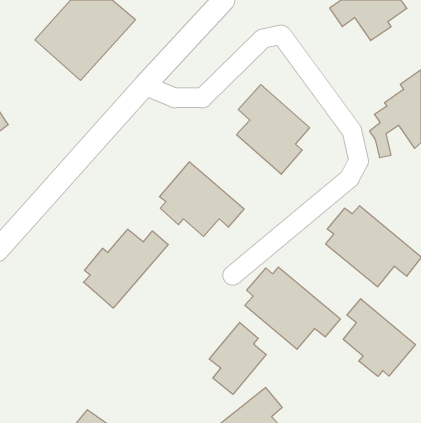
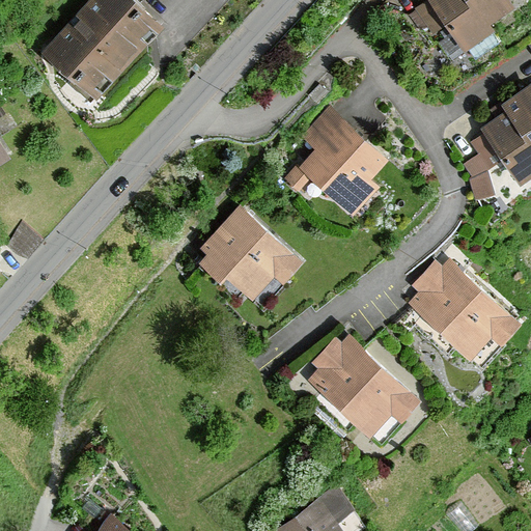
building: [83,229,168,308] -> none
building: [343,299,415,376] -> none
building: [209,322,266,394] -> none

